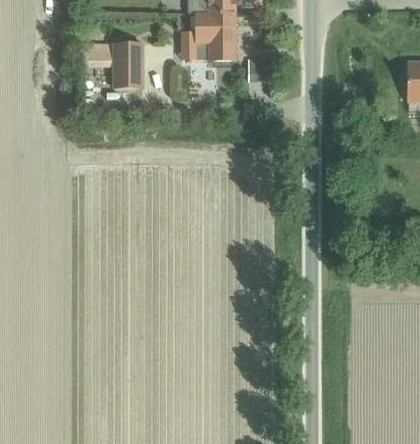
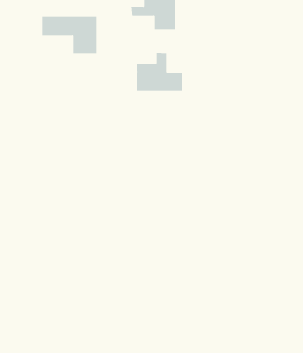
building: none -> [137,52,183,91]

